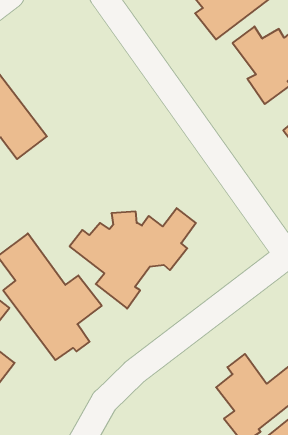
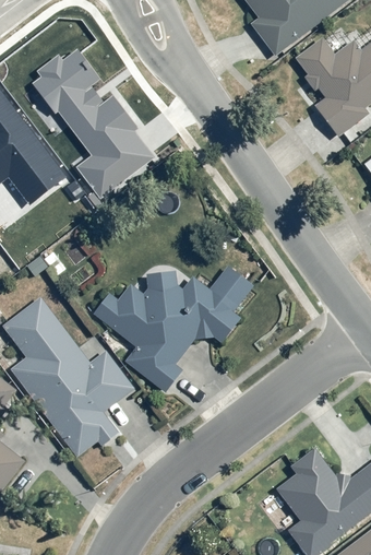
building: none -> [32,49,154,199]

